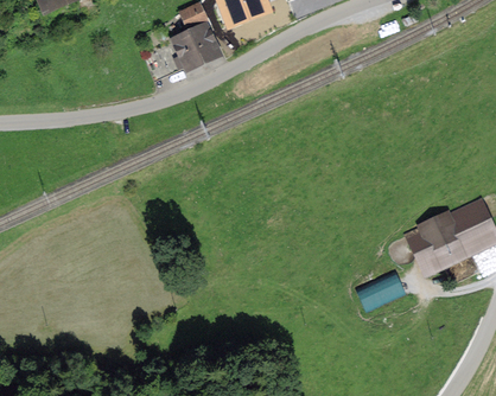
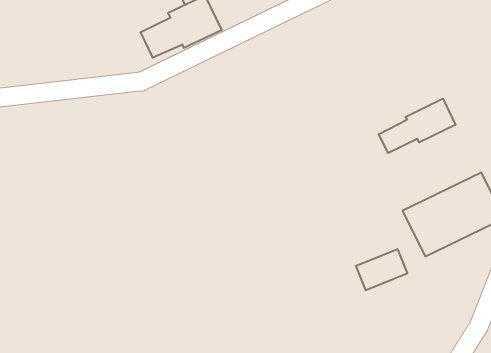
building: none -> [379,99,455,153]

